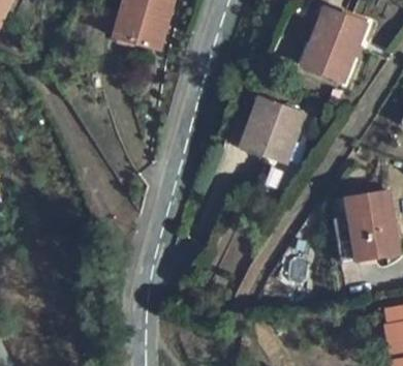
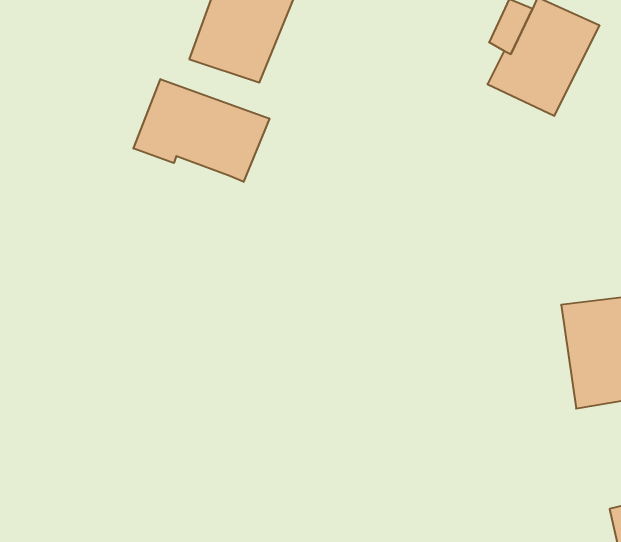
building: none -> [133,79,269,182]
building: [256,93,312,160] -> none

